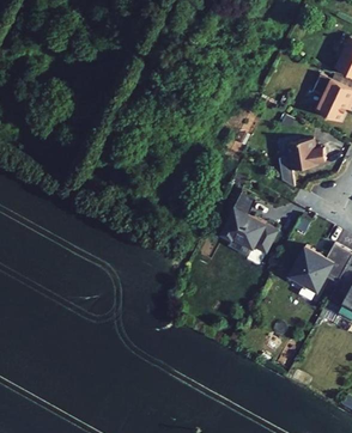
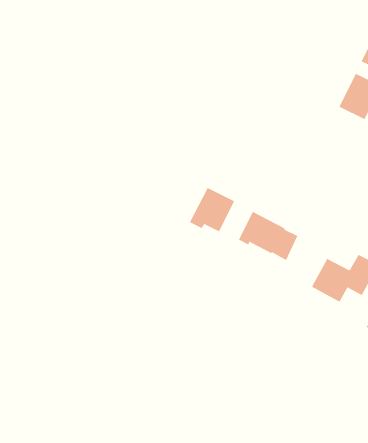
building: [287,135,327,166] -> none
building: none -> [189,187,235,232]

